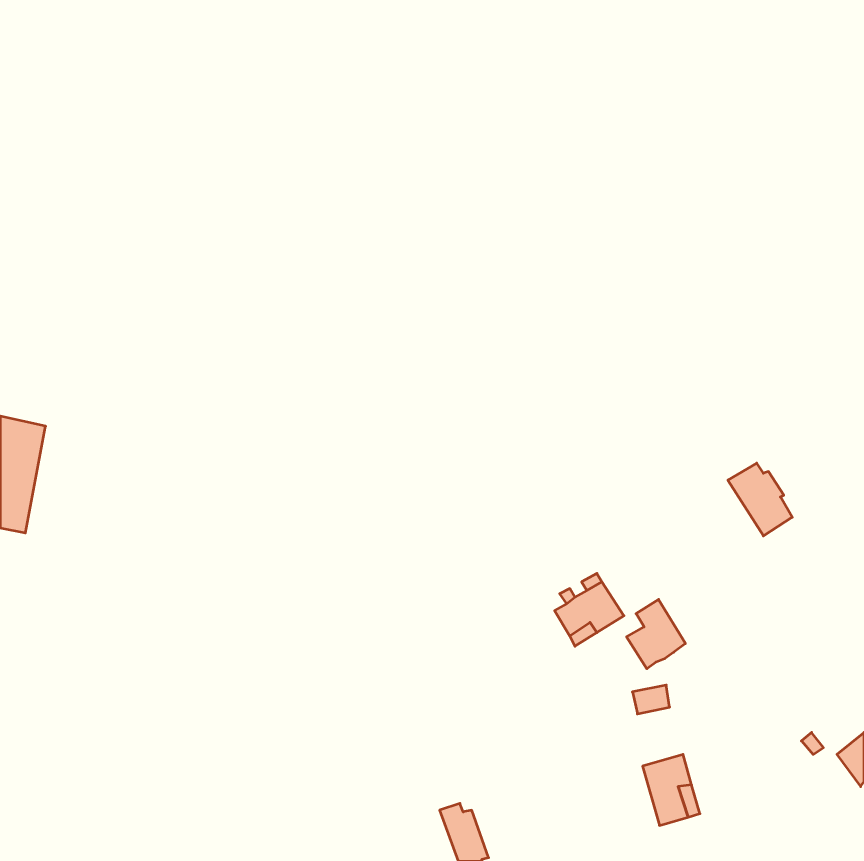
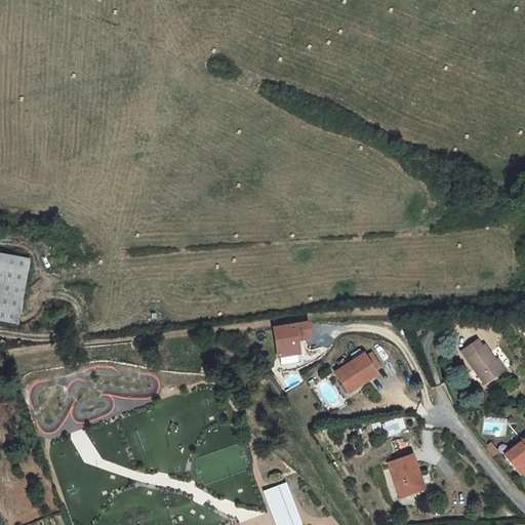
building: [728,463,792,536] -> [468,342,507,387]
building: none -> [276,320,312,353]
building: [627,599,685,669] -> none

